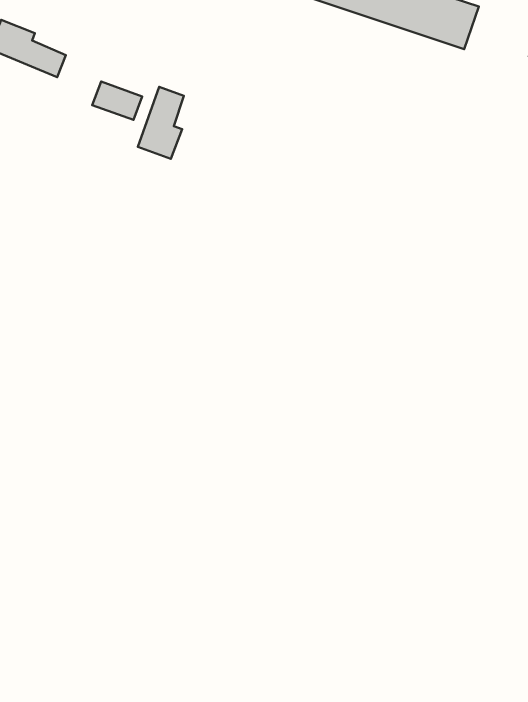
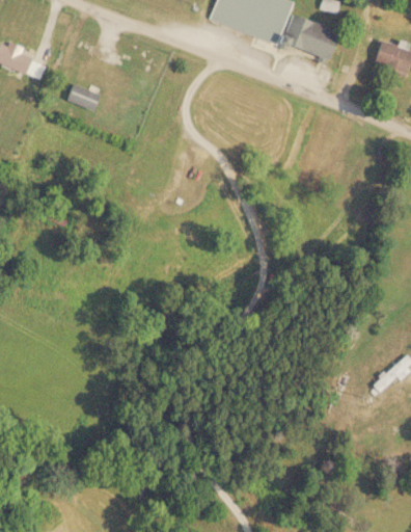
building: [138,87,184,159] -> none

